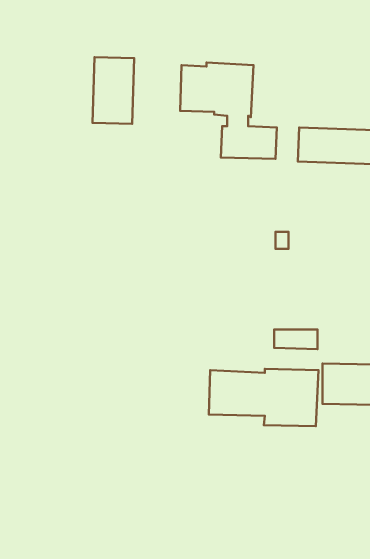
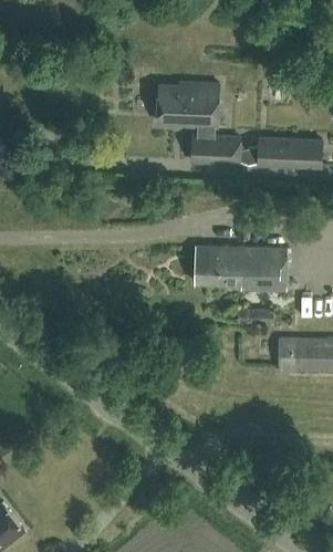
building: [93,57,134,124] -> none
building: [209,369,319,426] -> [195,244,288,293]

